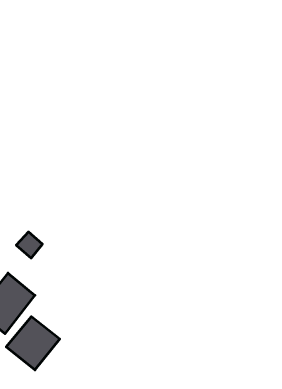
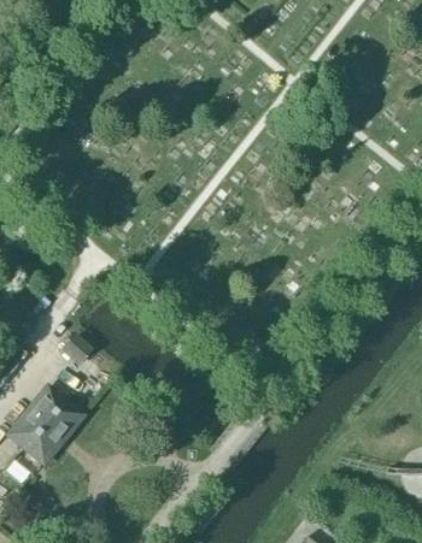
building: [6,317,60,370] -> none

